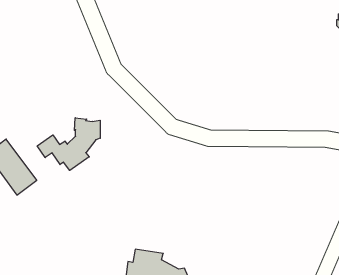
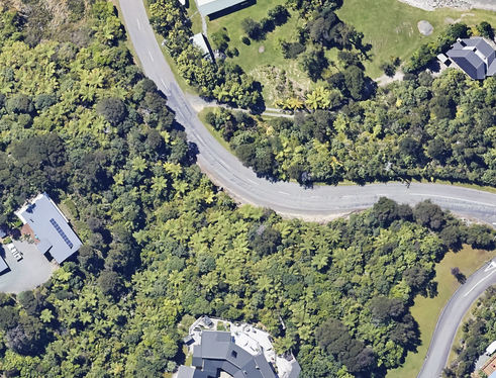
building: [37,118,100,170] -> none

